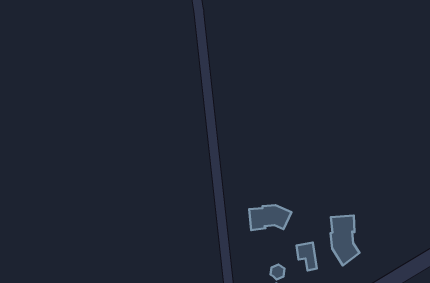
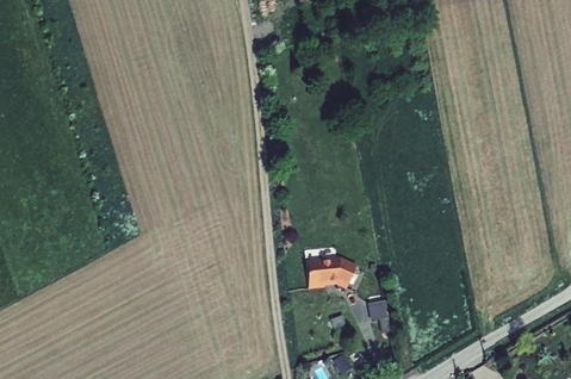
building: [330,215,359,266] -> none

